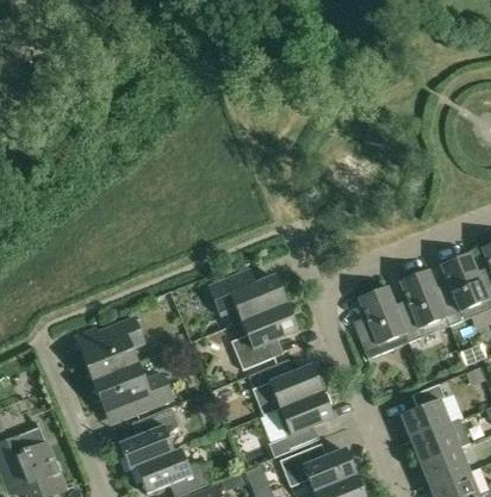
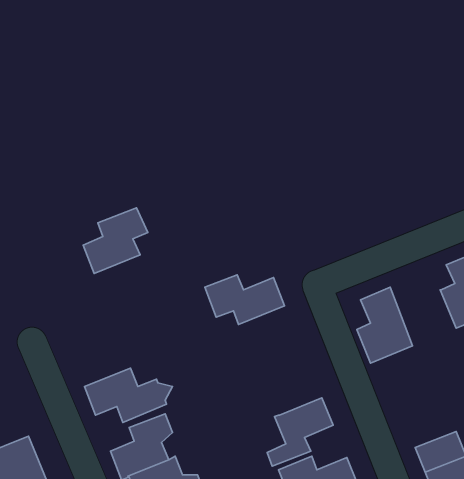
building: [394,268,450,341] -> none
building: [231,303,298,369] -> none
building: [83,317,145,380] -> [83,208,148,274]
building: [249,361,322,408] -> none
building: [402,383,450,439] -> none

